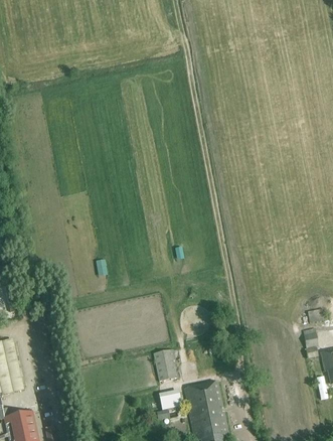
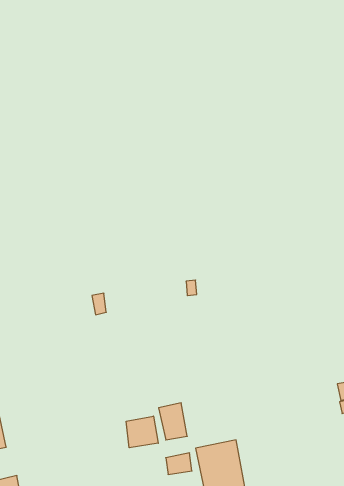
building: none -> [126,416,158,448]

